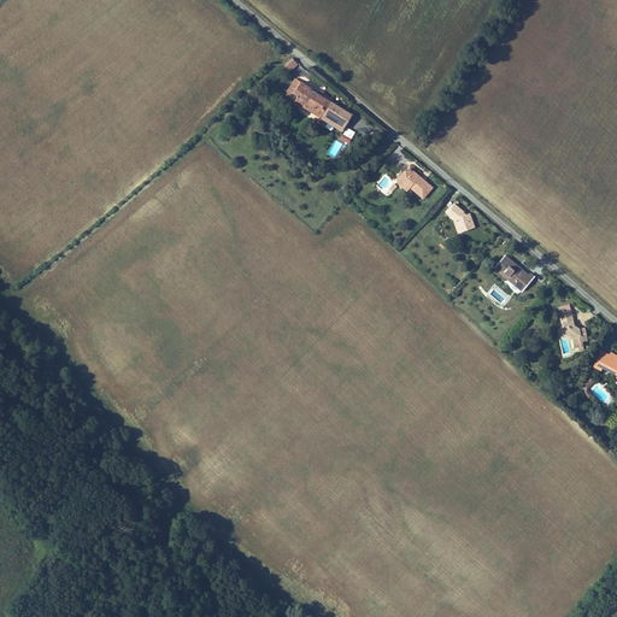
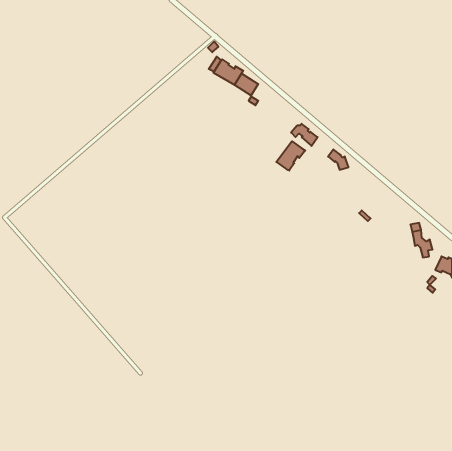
building: none -> [276,141,305,171]
building: [493,254,536,292] -> none

